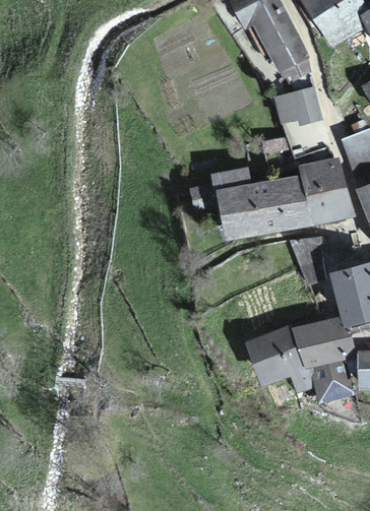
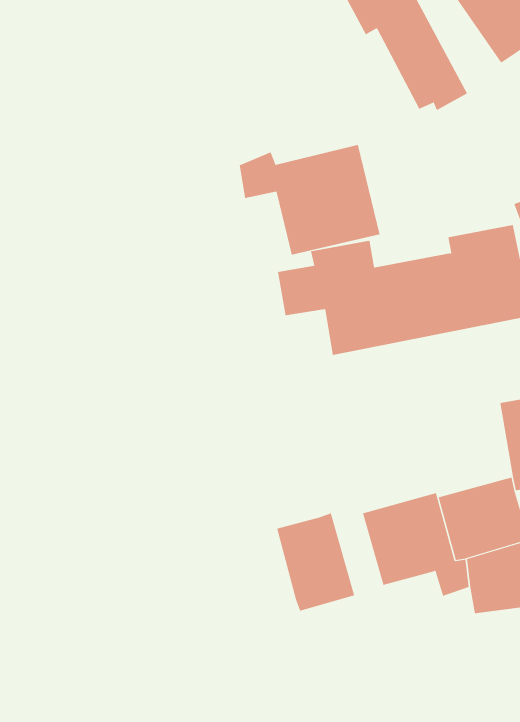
building: [275,87,322,127] -> none
building: none -> [239,144,380,256]
building: none -> [276,512,355,611]

